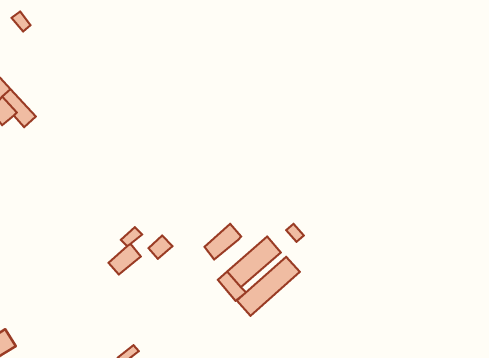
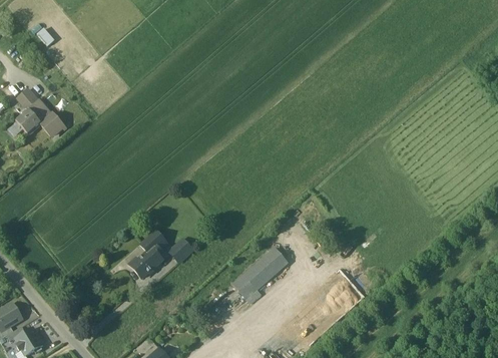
building: [204,224,241,259] -> none
building: [237,257,300,316] -> none

